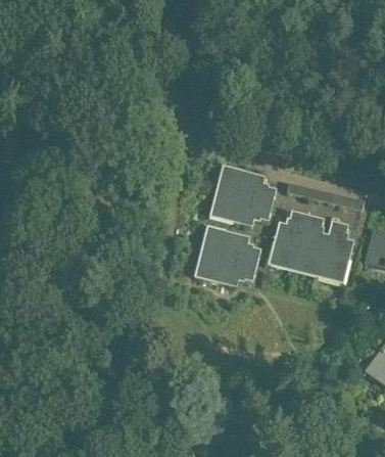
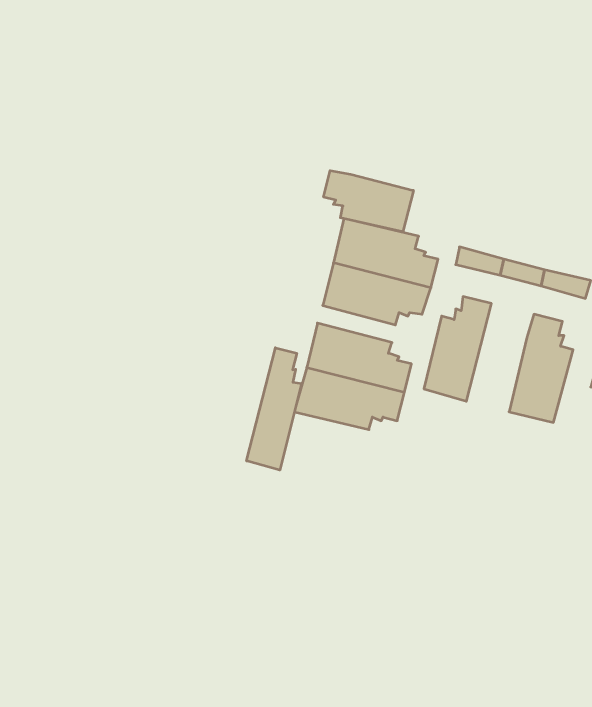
building: none -> [324,171,413,232]
building: [292,214,327,276] -> none
building: none -> [247,348,301,470]

